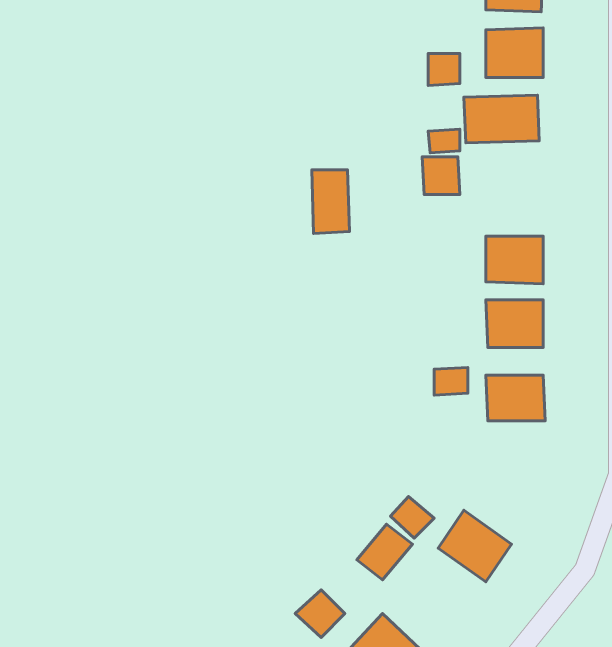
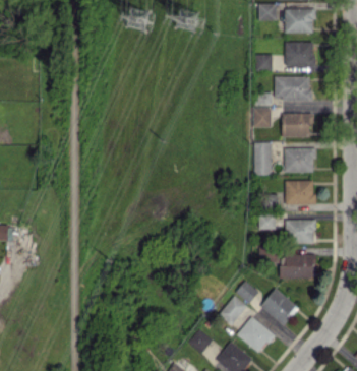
building: none -> [282,113,312,137]
building: [312,170,349,233] -> [253,143,273,176]
building: none -> [279,254,314,279]
building: none -> [237,317,274,354]

